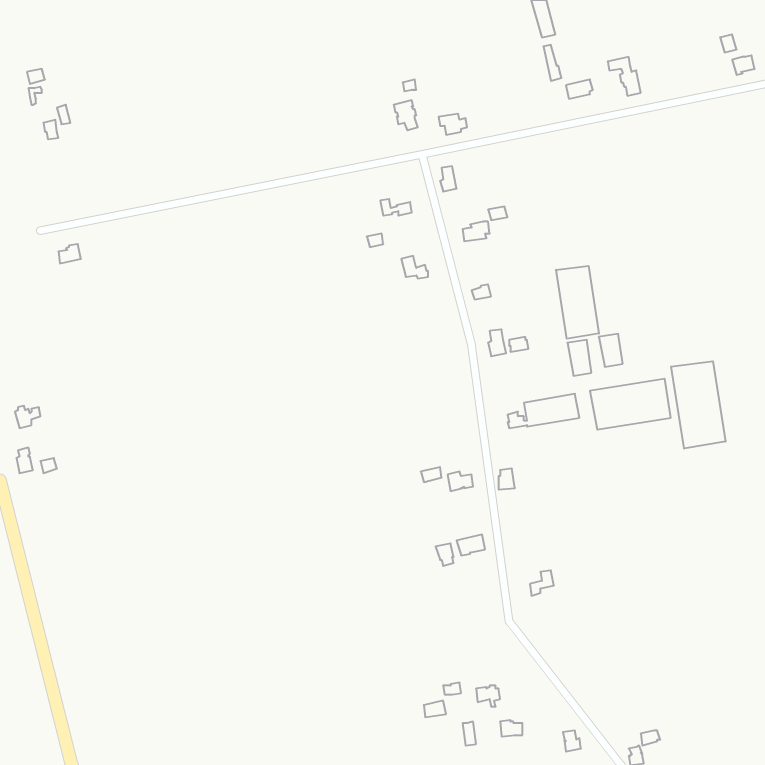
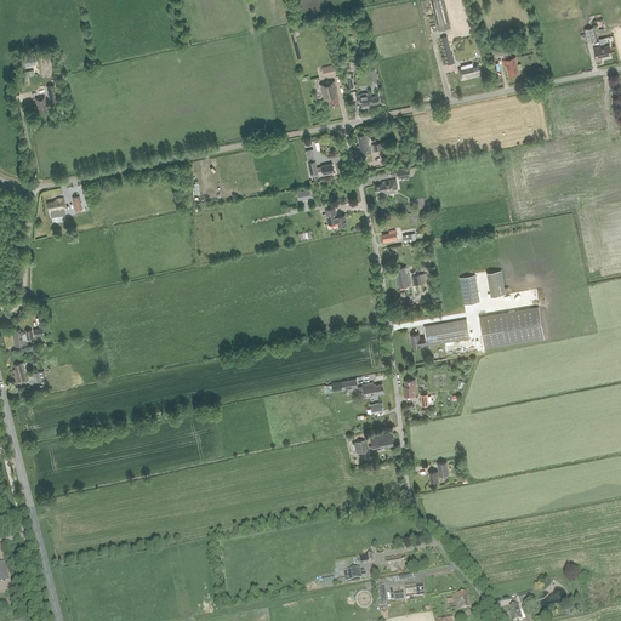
building: [556,266,599,339] -> none
building: [671,361,726,449] -> none

